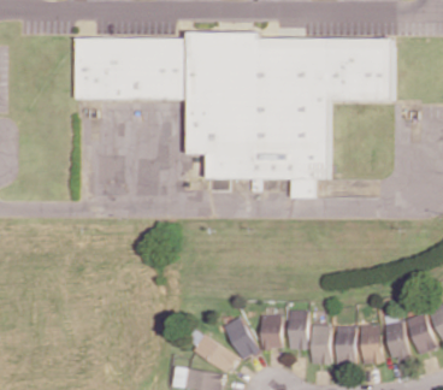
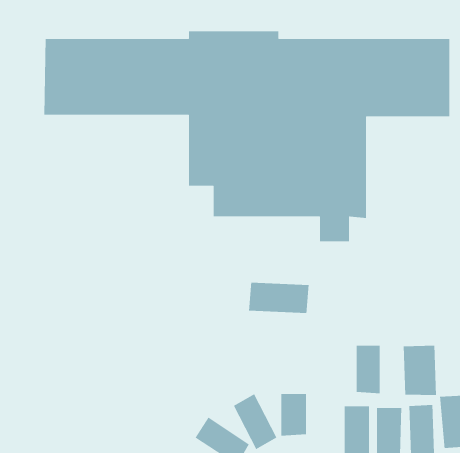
building: none -> [248,282,309,314]
building: none -> [403,345,437,396]
building: [289,311,308,349] -> [356,345,380,394]

